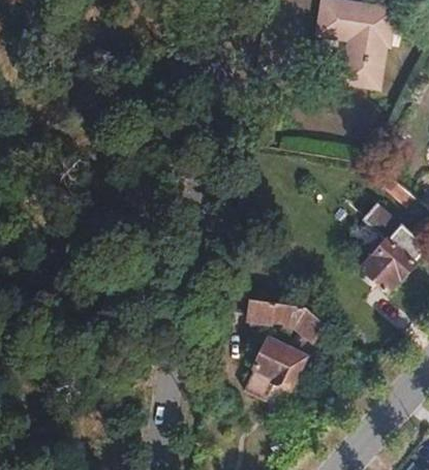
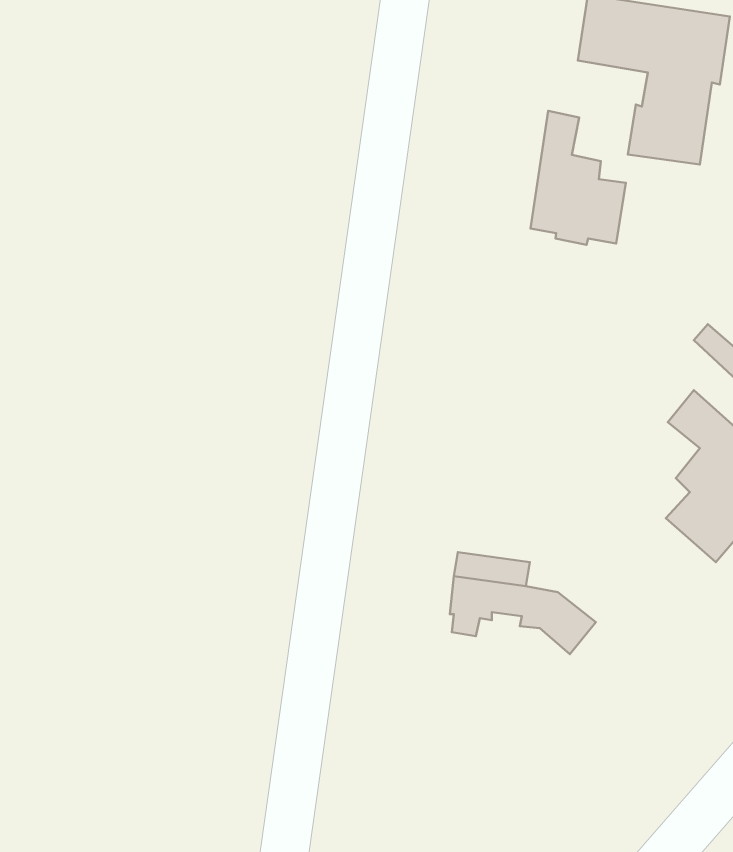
building: none -> [530,111,626,245]
building: [242,338,305,400] -> none

